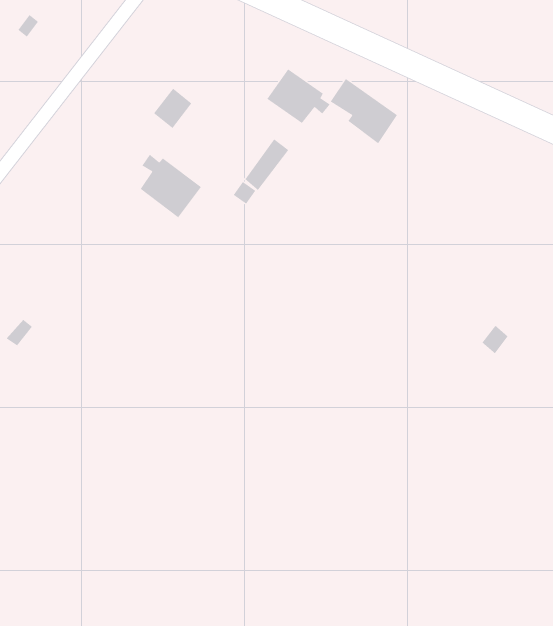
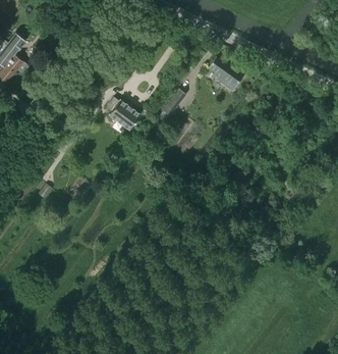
building: [267,68,330,124] -> none

